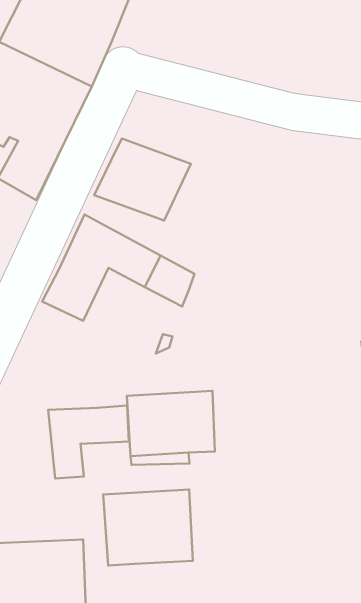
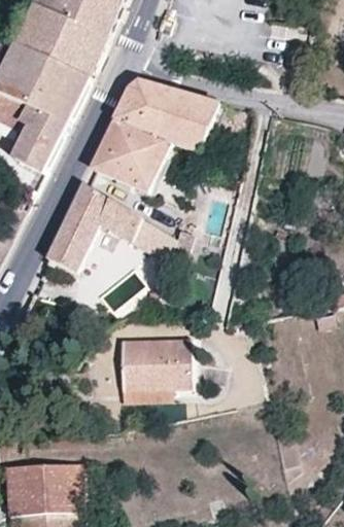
building: none -> [115,79,222,153]
building: [48,405,129,478] -> none
building: [103,490,193,566] -> none

